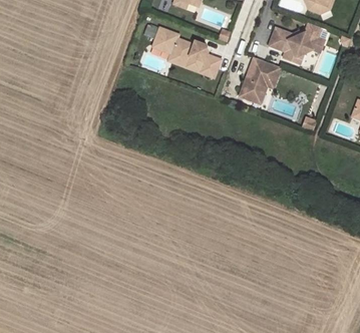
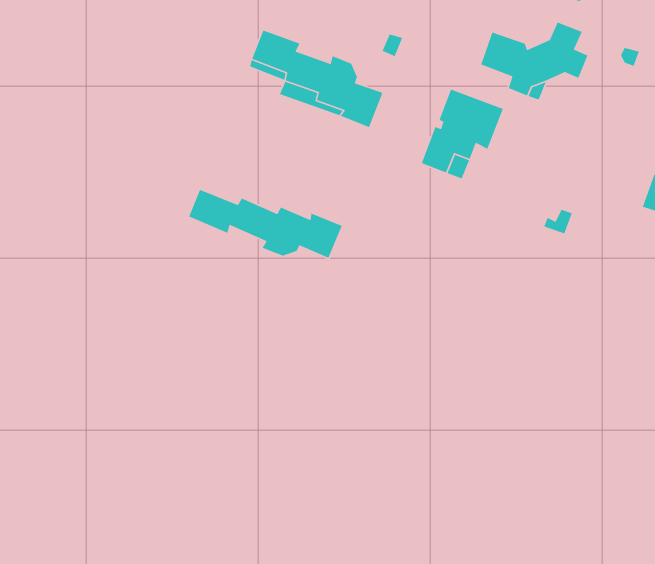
building: none -> [188,189,343,259]

